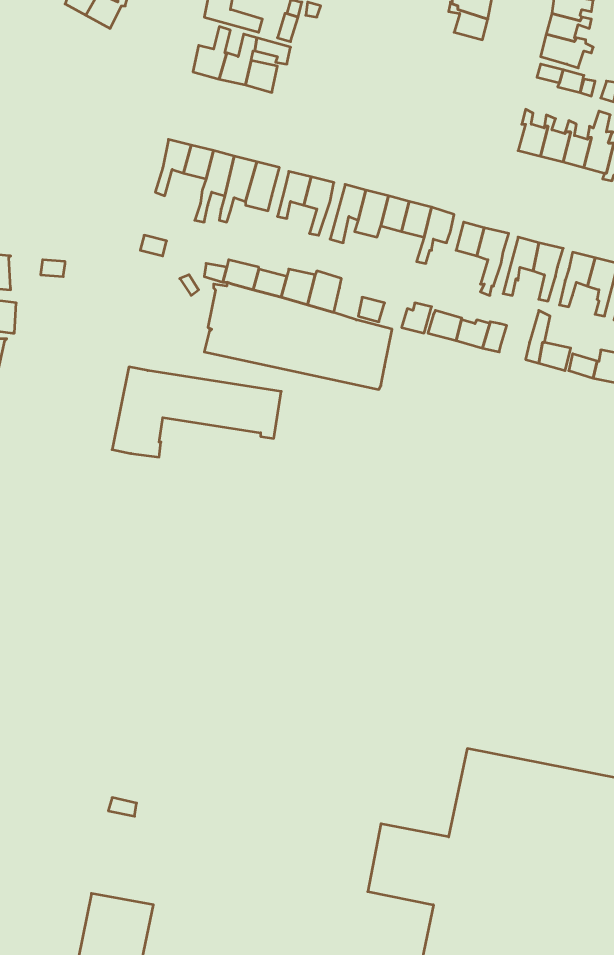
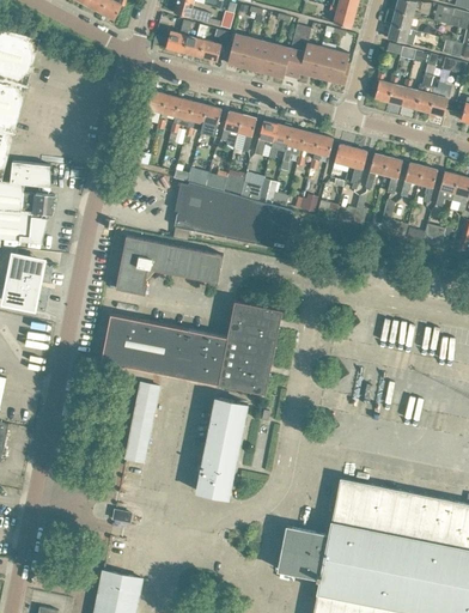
building: none -> [226,24,349,85]
building: none -> [100,301,281,394]
building: none -> [124,382,159,462]
building: none -> [196,397,246,498]

